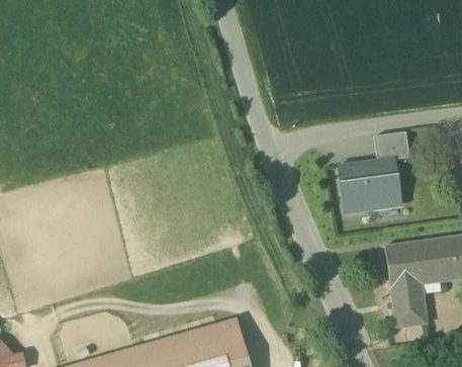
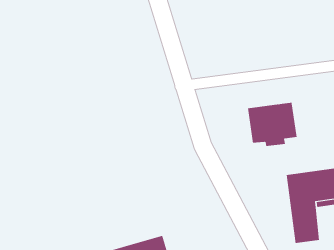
building: [375,130,410,159] -> none

